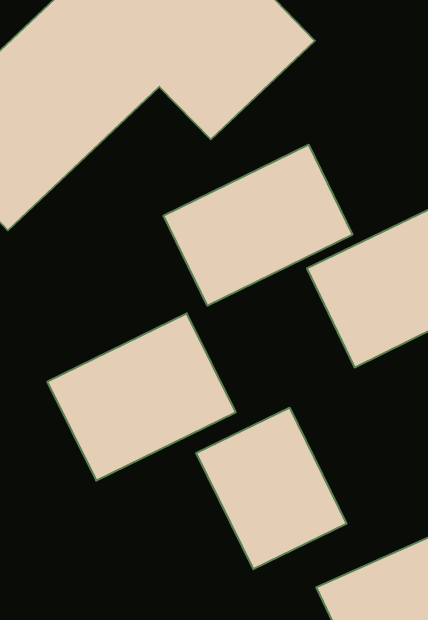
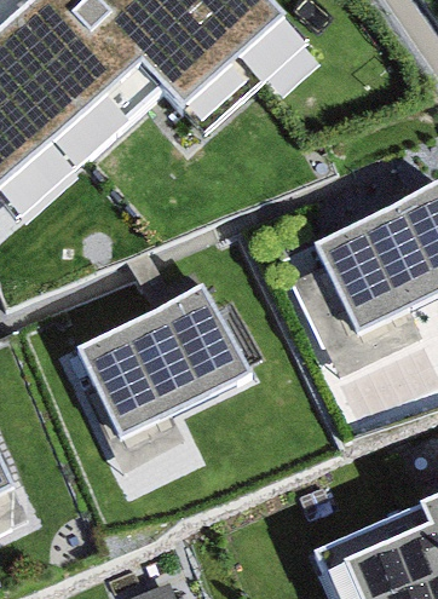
building: [164,145,352,306] -> none
building: [196,408,346,569] -> none

